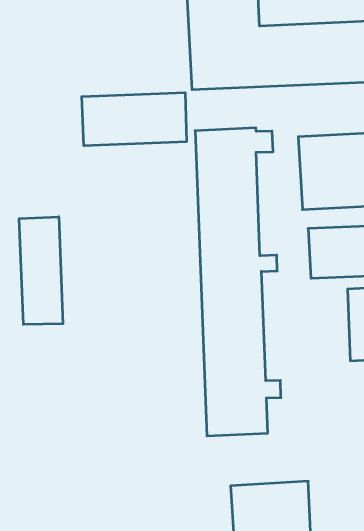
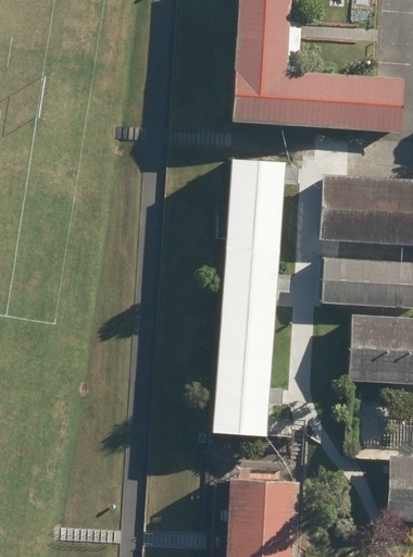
building: [82,93,186,146] -> none
building: [19,217,63,324] -> none

